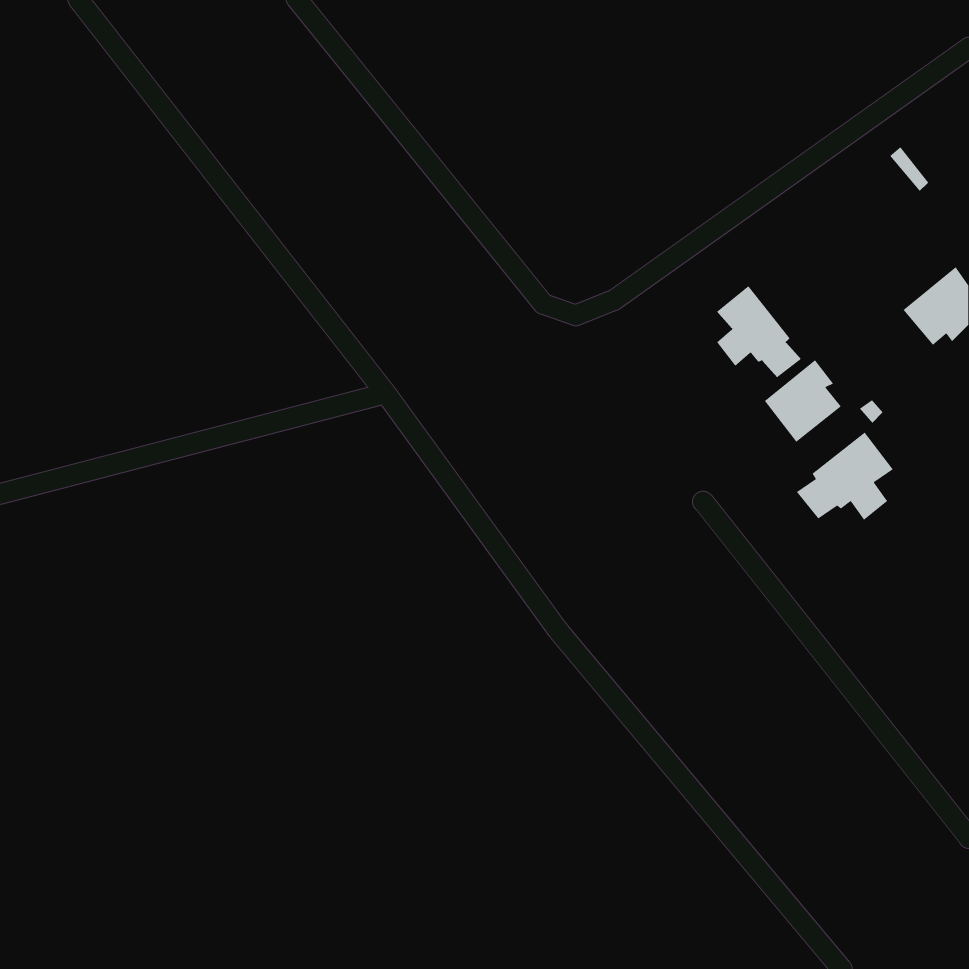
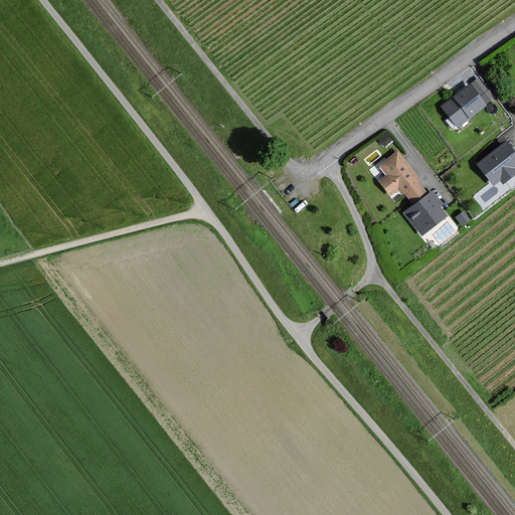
building: none -> [442,84,485,126]
building: [796,431,894,521] -> none

